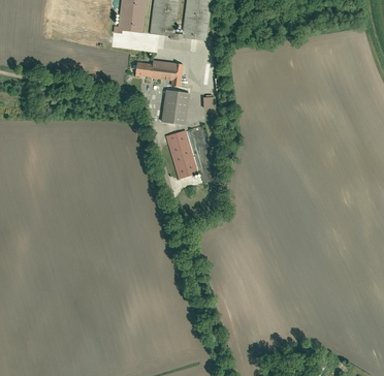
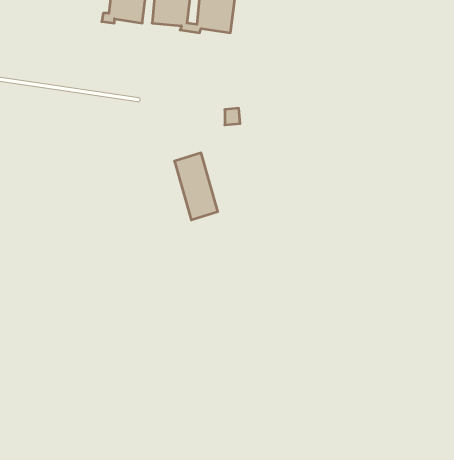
building: [135,60,184,86] -> none
building: [161,89,191,125] -> none

